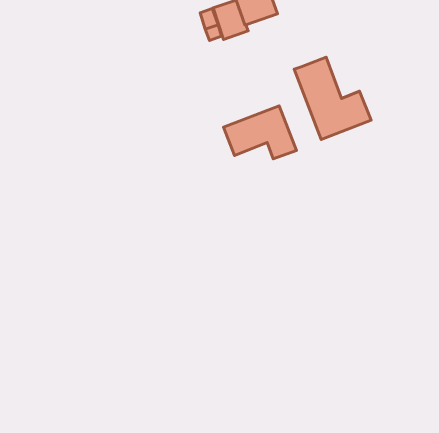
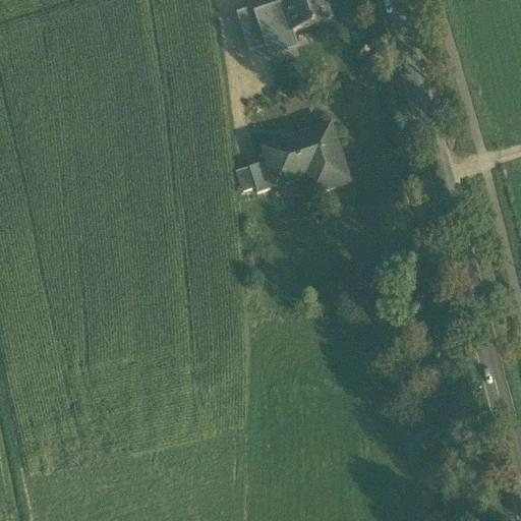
building: [294,57,371,139] -> none
building: none -> [250,158,278,191]

